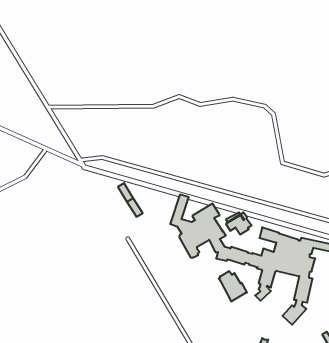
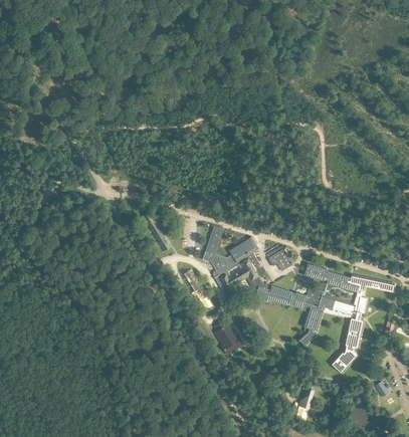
building: [219,271,247,301] -> [212,320,244,355]

